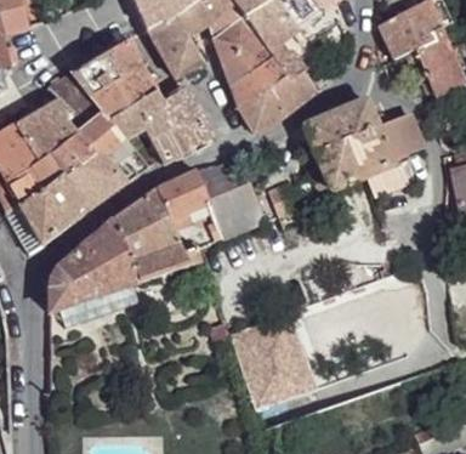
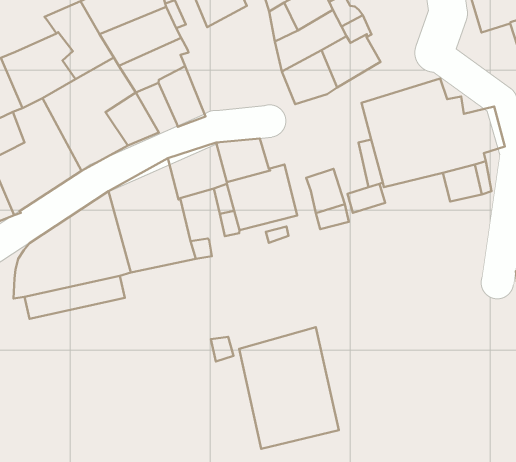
building: [158,86,211,149] -> none

